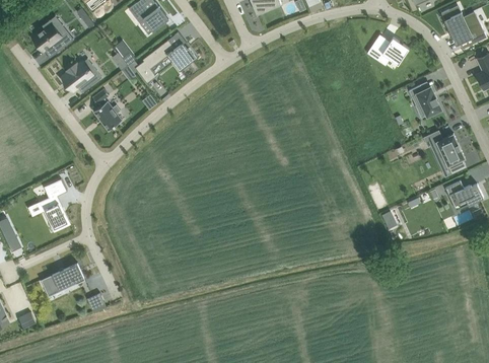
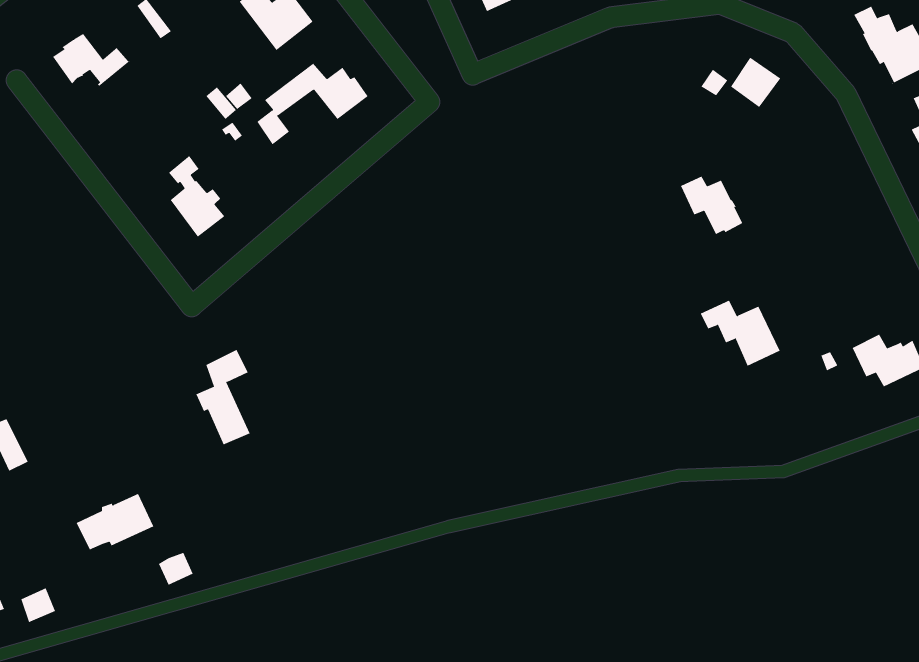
building: [63,60,102,94] -> none
building: [409,85,441,116] -> [680,176,743,235]
building: [423,131,465,165] -> [700,300,780,367]
building: [40,178,68,228] -> [196,349,251,445]

